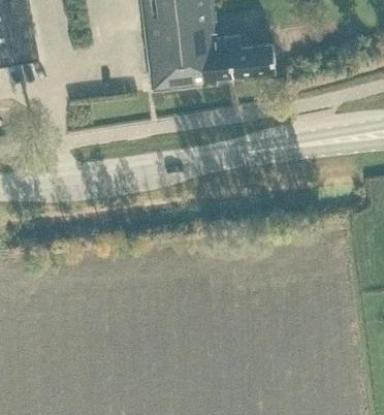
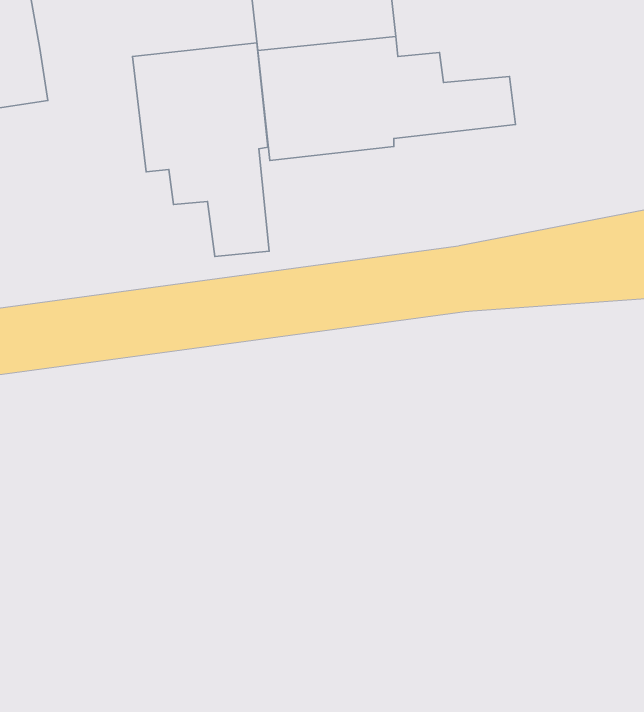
building: none -> [133,43,269,256]

